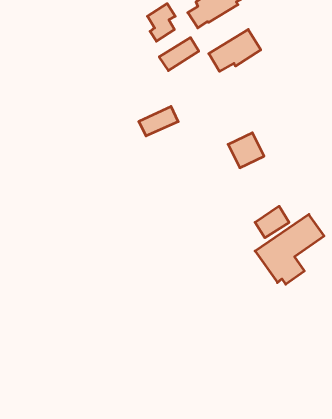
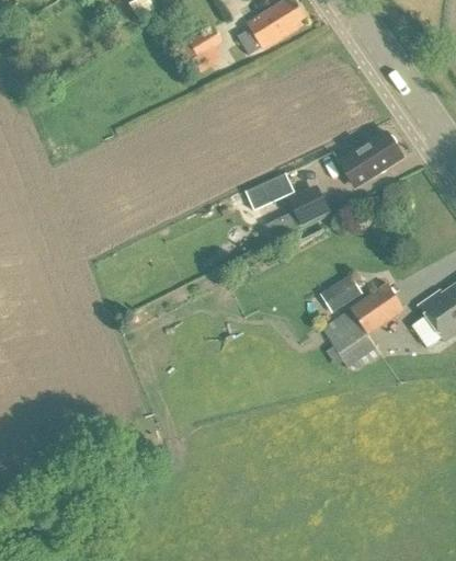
building: [209,29,261,71] -> [340,131,403,183]
building: [159,38,199,71] -> none
building: [139,106,178,136] -> [247,169,295,205]

